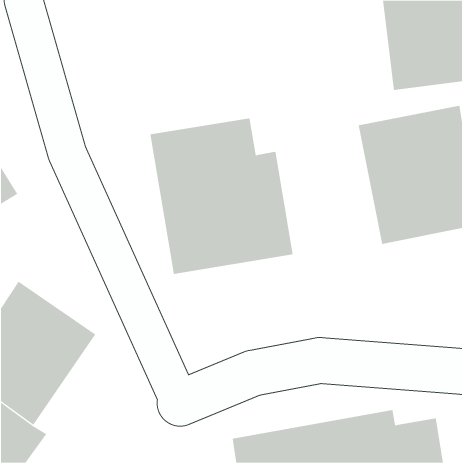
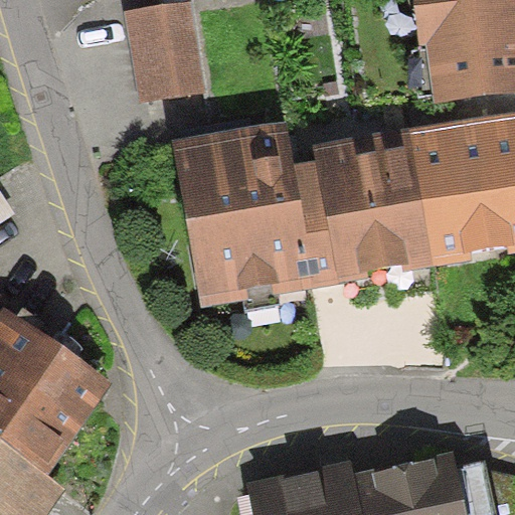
building: none -> [121,4,198,100]
building: none -> [304,139,424,283]

